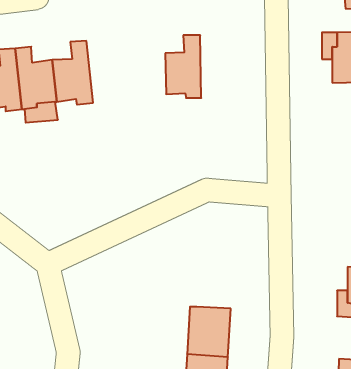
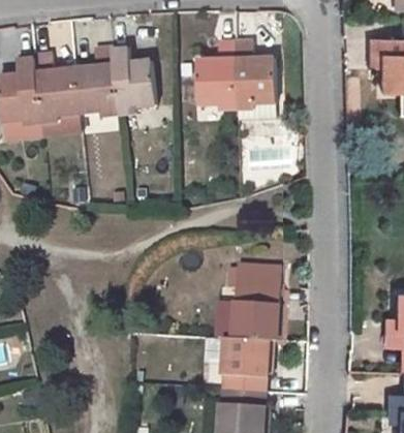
building: none -> [237,40,277,110]
building: none -> [113,47,157,115]
building: none -> [232,265,282,340]

